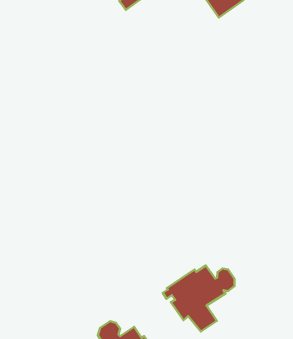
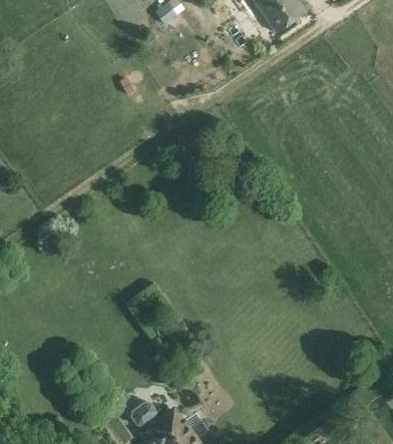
building: [163,265,235,332] -> none

